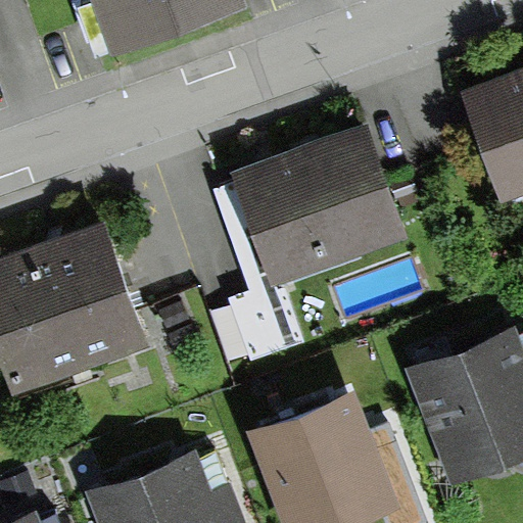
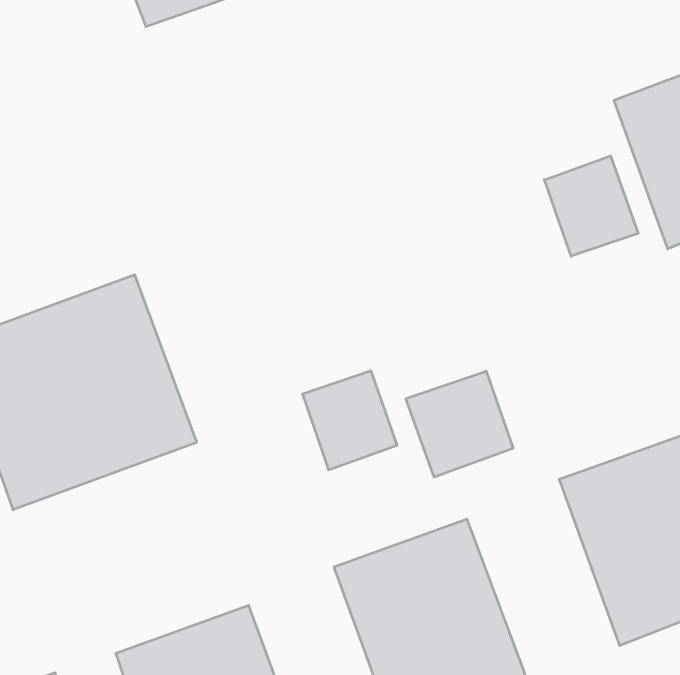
building: [213,122,409,293] -> none
building: none -> [544,156,638,256]
building: none -> [406,371,513,477]

